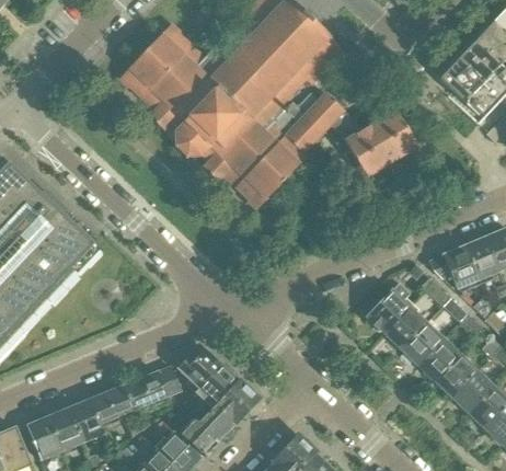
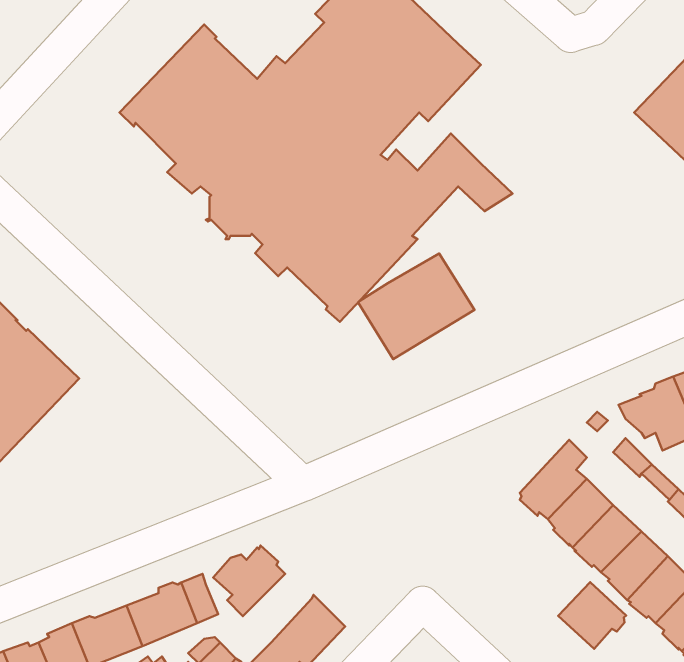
building: [345,111,417,176] -> [358,253,474,359]
building: [196,364,239,409] -> none
building: none -> [558,582,626,649]

